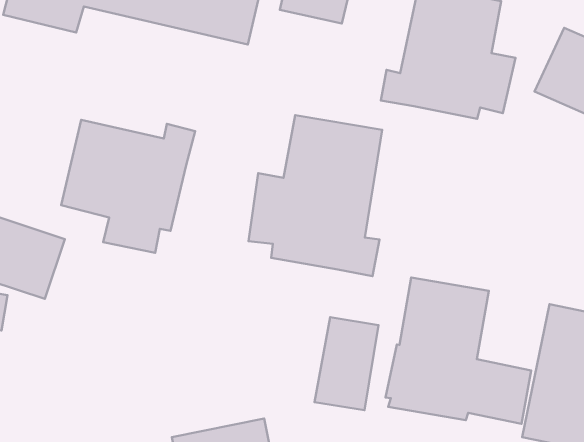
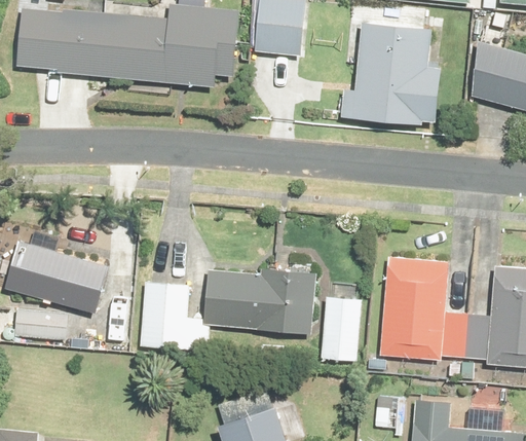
building: [248,115,382,276] -> none
building: [61,120,195,253] -> none
building: none -> [126,266,309,353]

